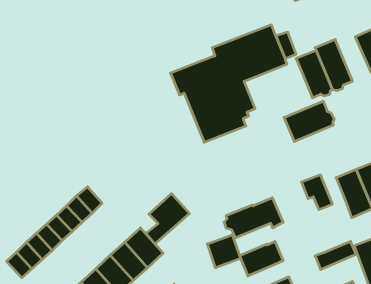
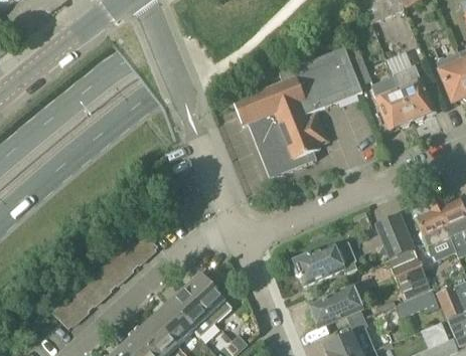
building: [284,101,334,142] -> none
building: [146,194,189,244] -> none
building: none -> [389,249,431,300]
building: [207,235,241,268] -> none

